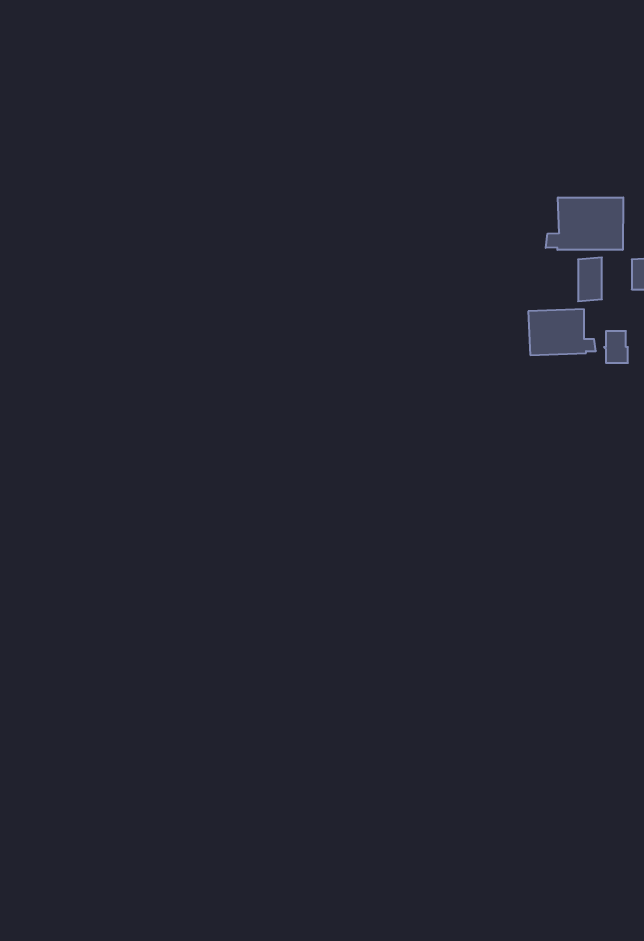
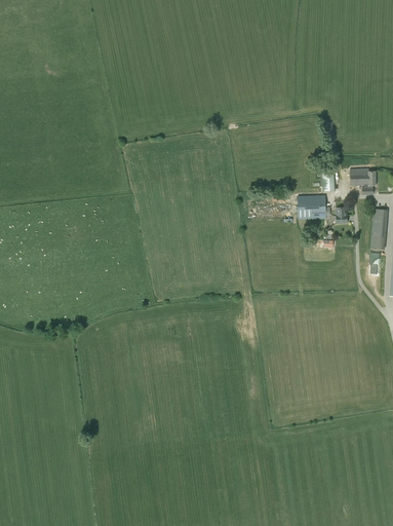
building: [546,197,623,250] -> none

